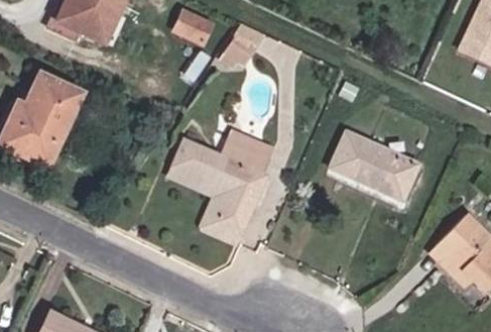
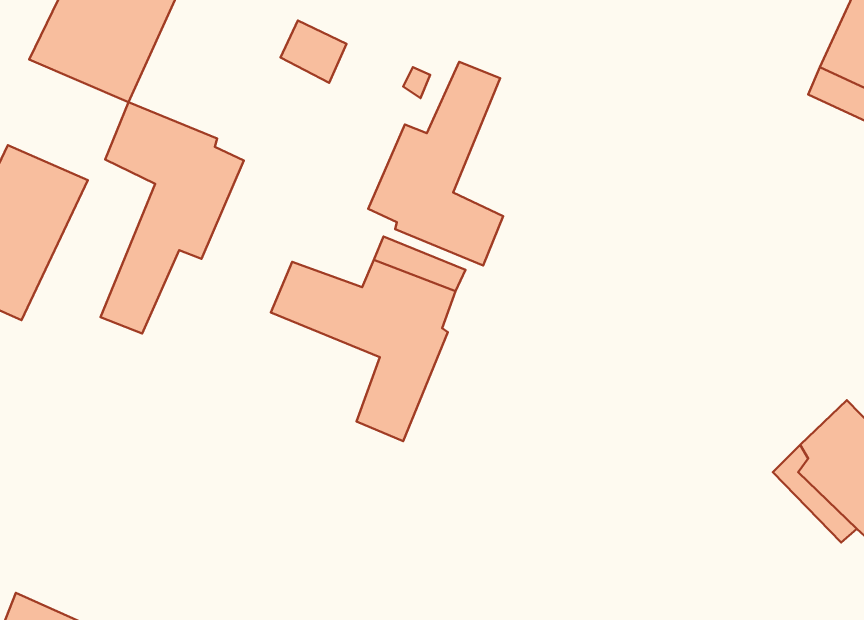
building: none -> [368,62,503,265]
building: none -> [101,102,244,333]
building: [339,126,423,193] -> none
building: [170,164,244,243] -> none

